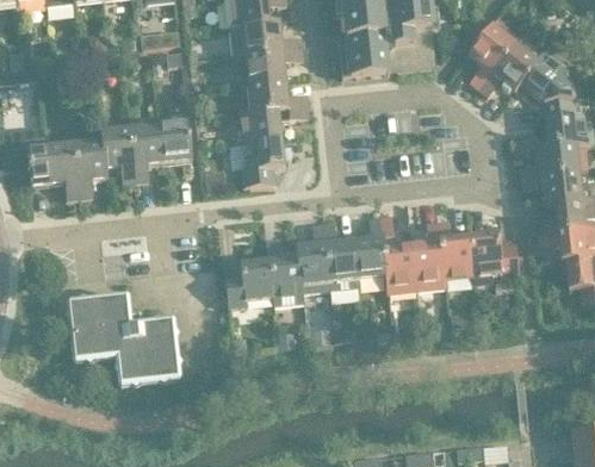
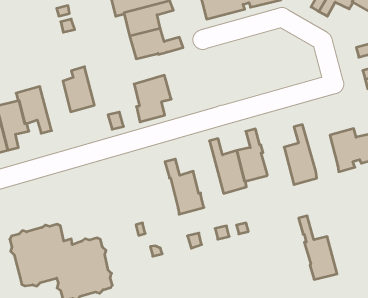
building: [240,106,310,141] -> none
building: [130,124,162,181] -> none
building: [380,216,416,293] -> [299,216,337,279]
building: [438,219,472,279] -> none
building: [296,223,330,292] -> none
building: [225,260,273,306] -> none

